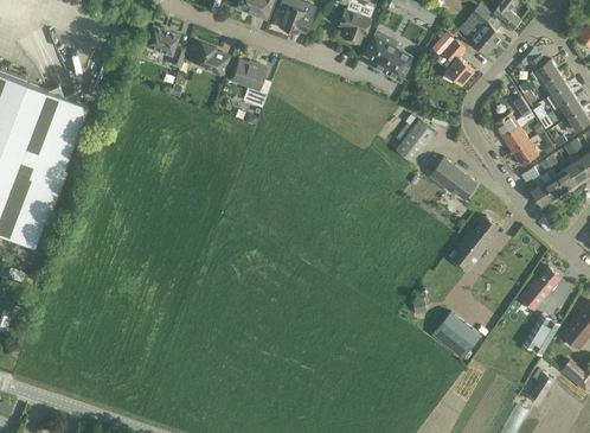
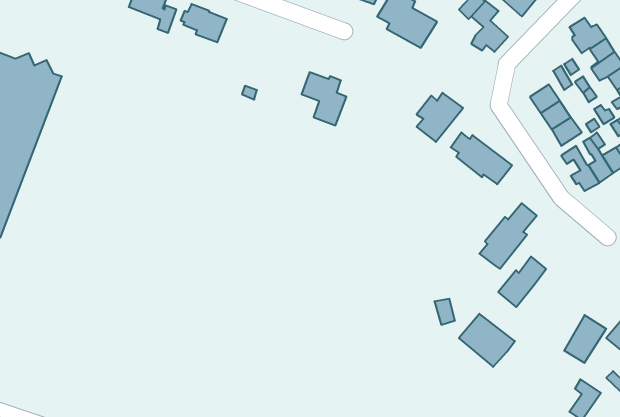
building: [231,61,270,107] -> [301,72,346,125]
building: [519,266,560,310] -> [498,257,546,307]

